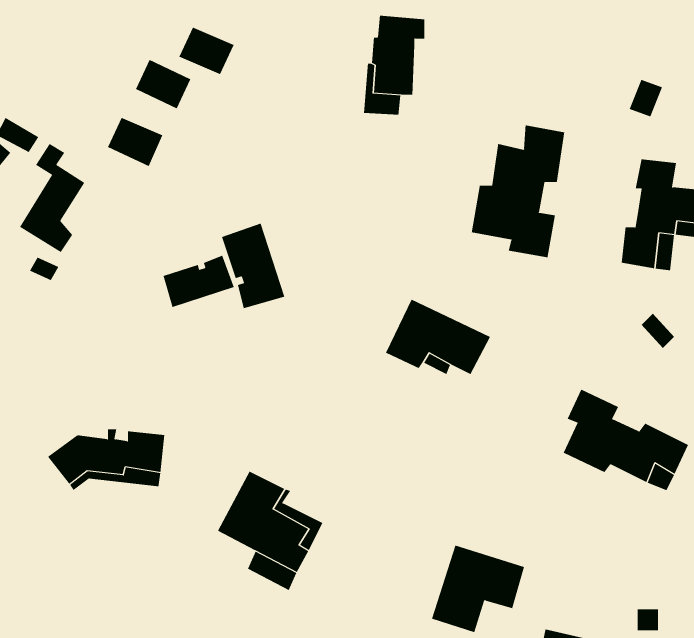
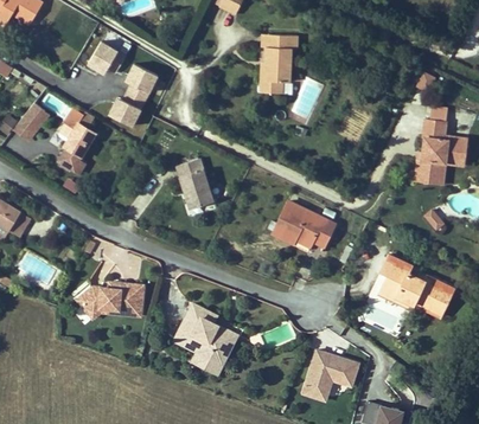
building: [179,27,234,75] -> [91,44,124,72]
building: [471,125,565,258] -> none
building: [163,255,234,308] -> none

